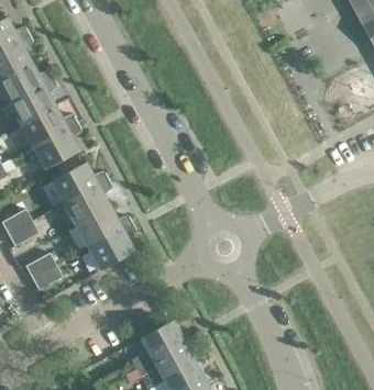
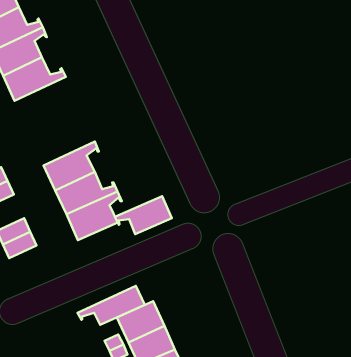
building: [33,122,82,169] -> none
building: [52,163,109,204] -> none
building: none -> [115,196,172,234]
building: none -> [77,286,145,325]

